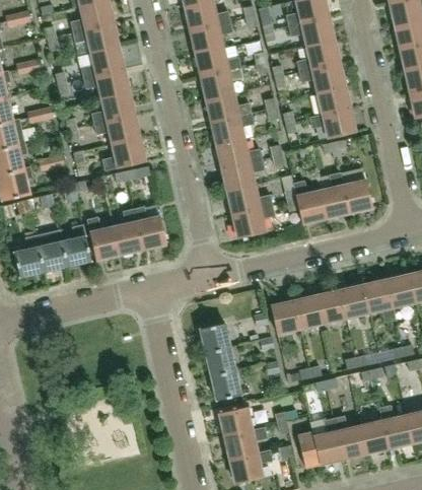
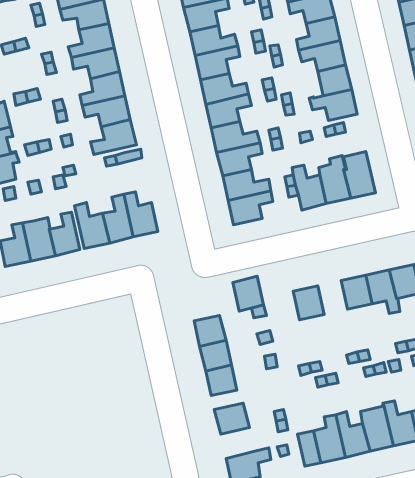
building: [318,290,346,323] -> none
building: [271,300,300,334] -> [233,276,264,311]
building: [225,427,268,460] -> none

